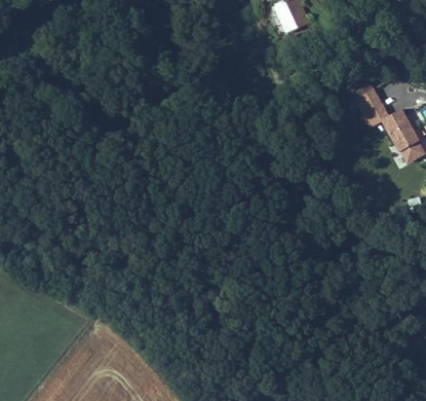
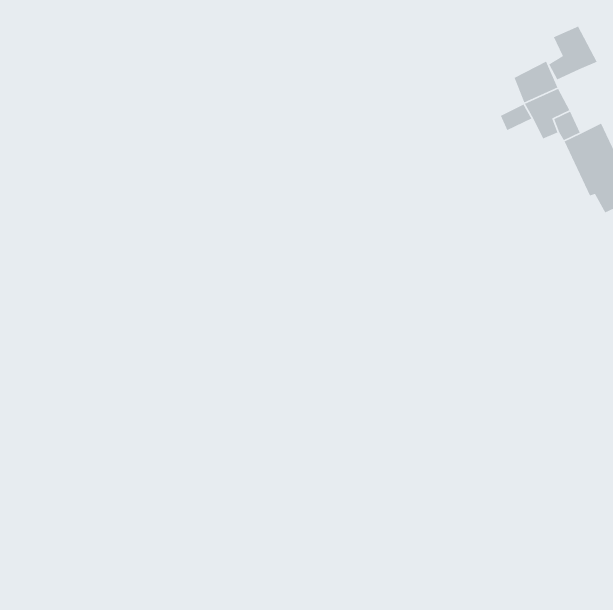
building: none -> [548,26,598,81]

